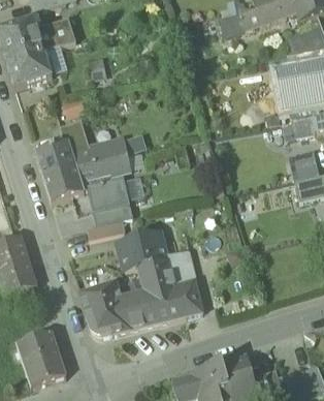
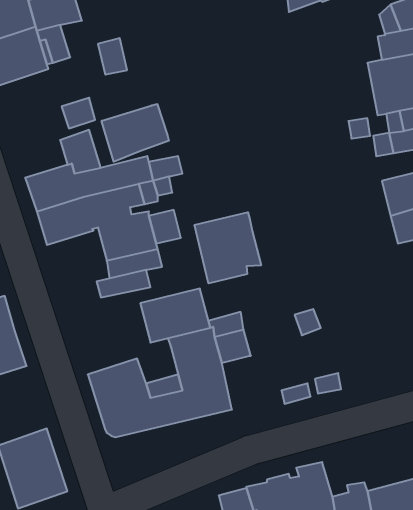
building: none -> [102,104,169,162]
building: none -> [195,212,261,283]
building: [174,279,202,317] -> none

